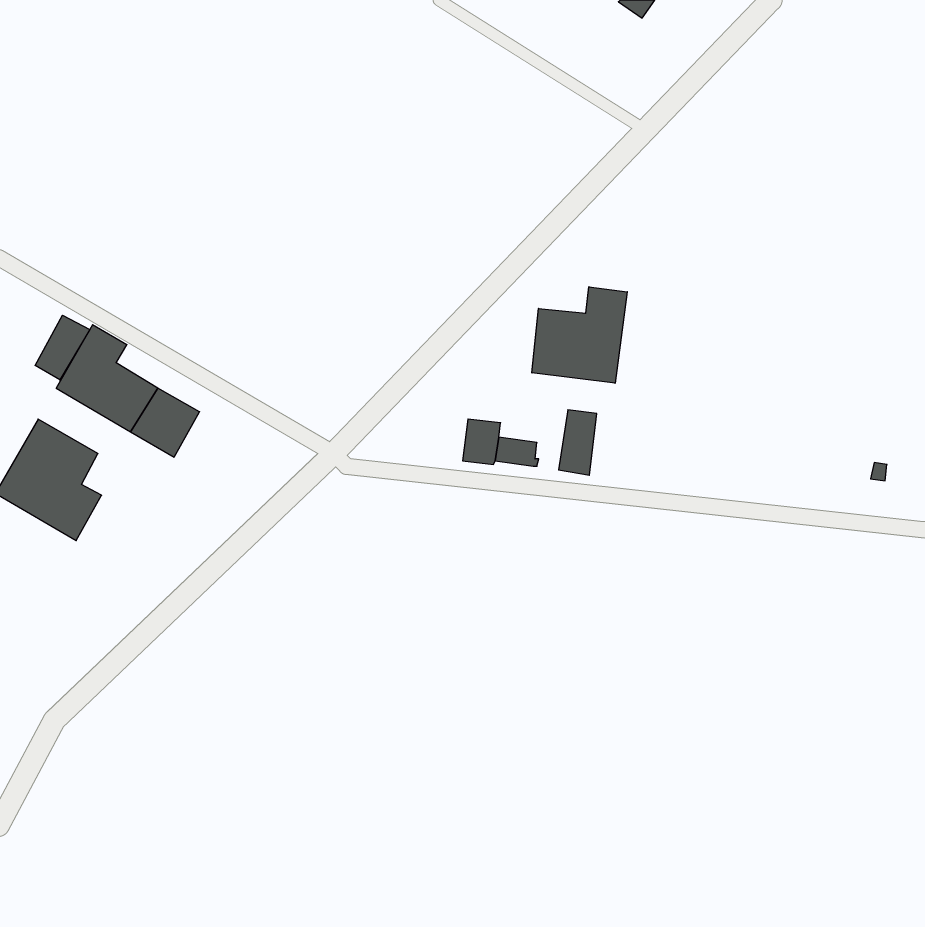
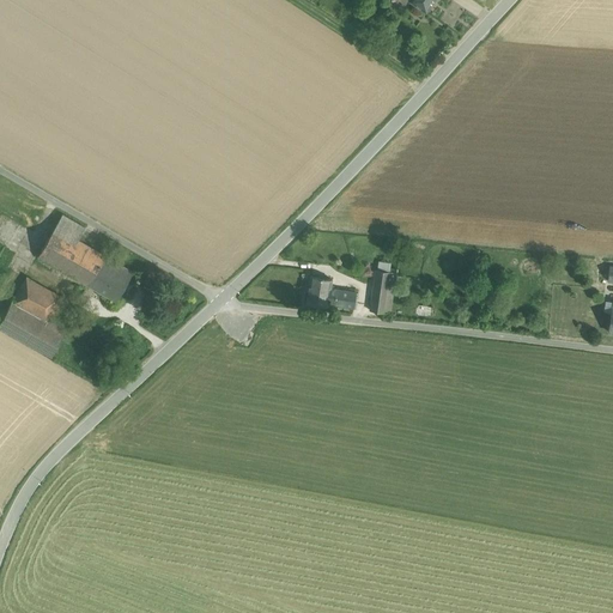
building: [532,287,627,383] -> none
building: [35,315,90,380] -> none

